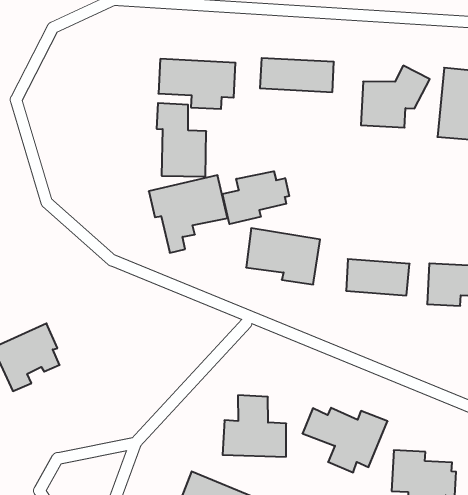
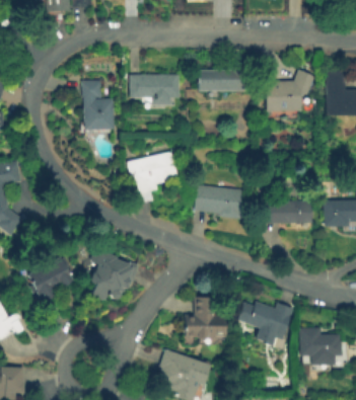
building: [157,103,206,177] -> [80,81,115,130]
building: [222,171,289,224] -> none
building: none -> [88,247,138,303]

